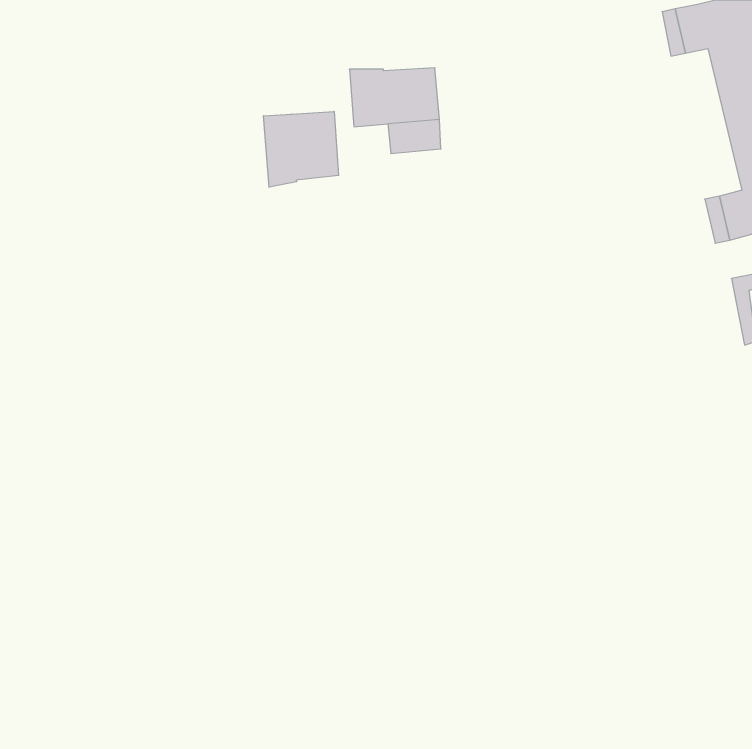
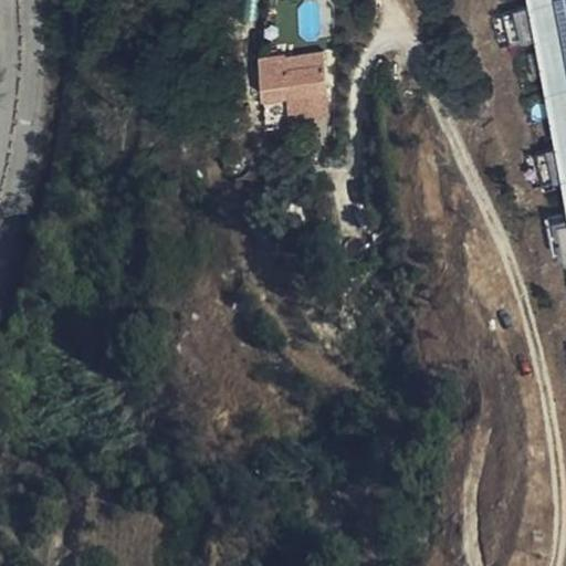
building: [264,111,339,187] -> none

